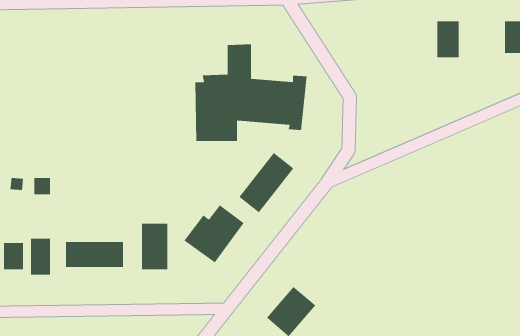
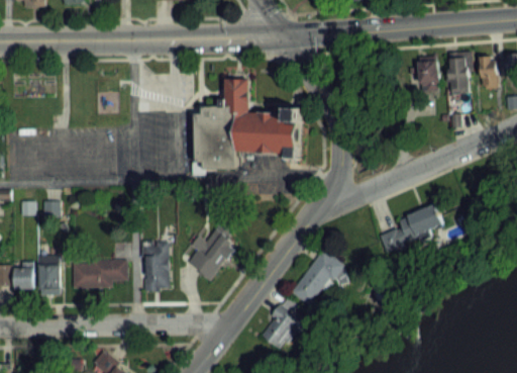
building: none -> [449,55,470,95]
building: [239,152,294,213] -> [291,250,342,306]
building: none -> [378,207,444,250]

